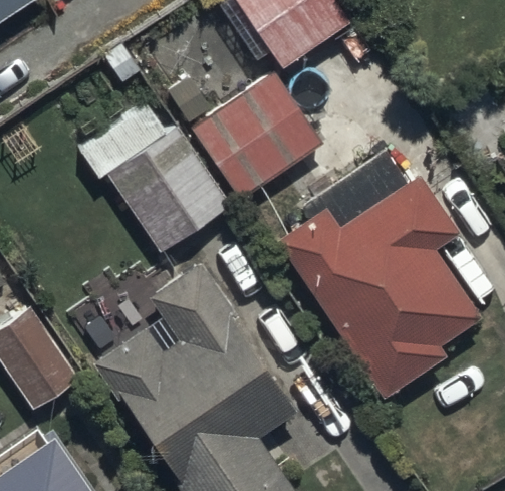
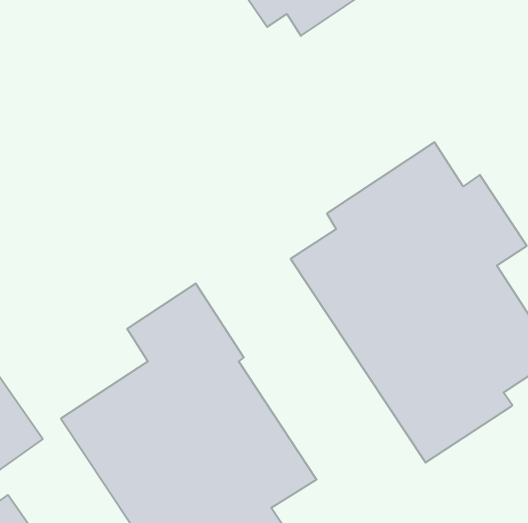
building: [165,72,323,202] -> none
building: [107,129,228,251] -> none

